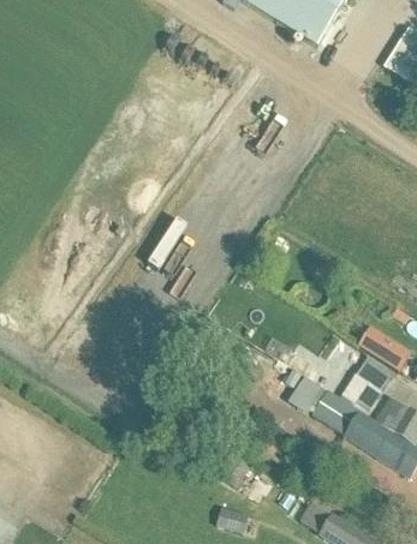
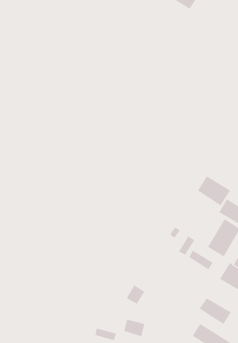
building: none -> [197,175,231,206]
building: none -> [199,297,232,325]

